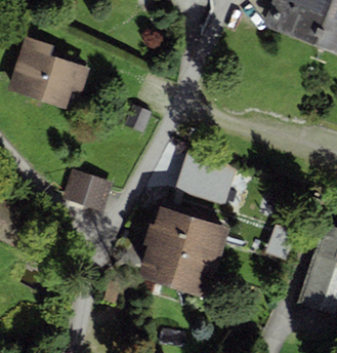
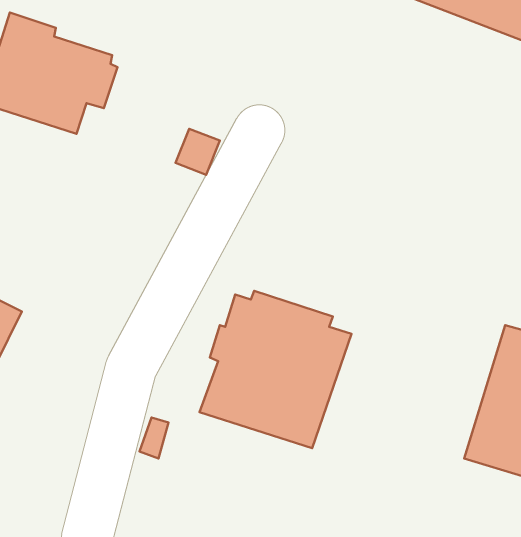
building: [62,169,113,211] -> none

